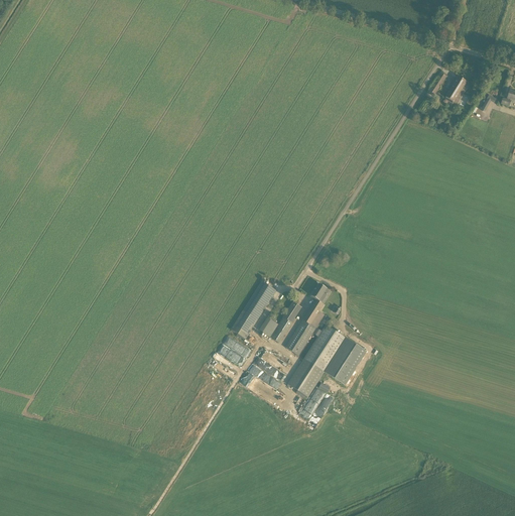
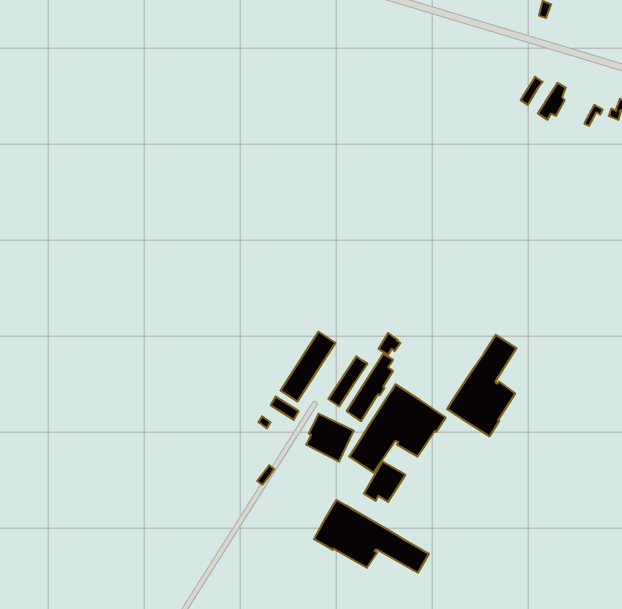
building: none -> [447,335,516,436]
building: none -> [314,500,429,573]

